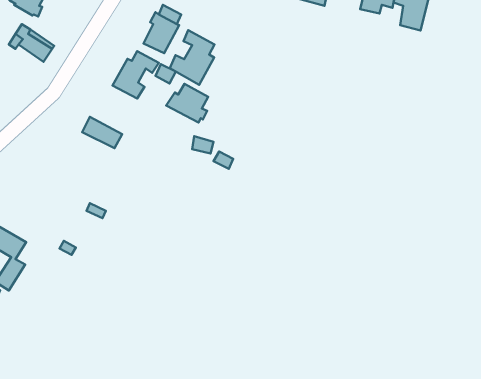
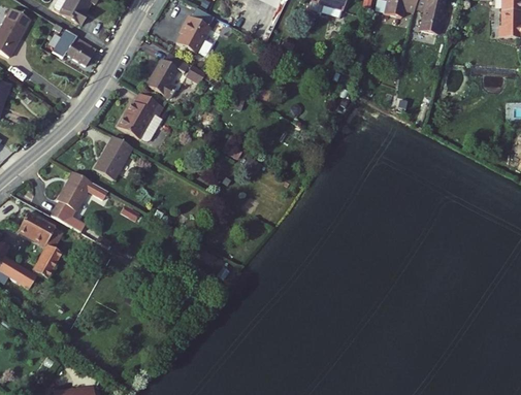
building: [170,30,214,85] -> none
building: [166,84,208,123] -> [125,96,165,133]
building: none -> [94,136,132,182]
building: none -> [50,173,106,234]

